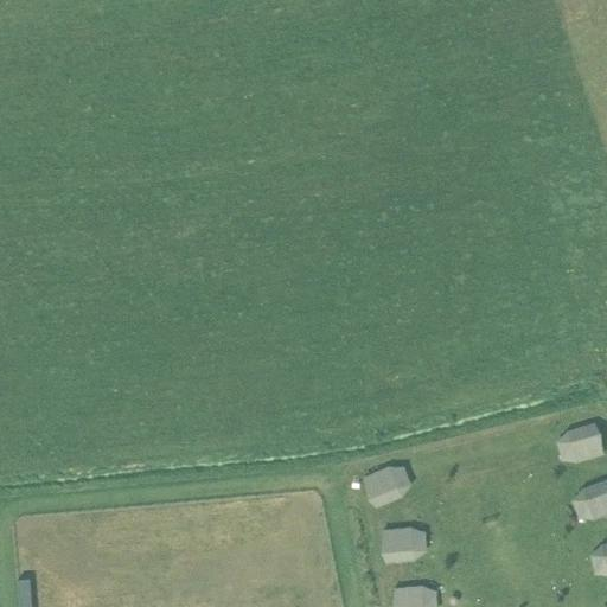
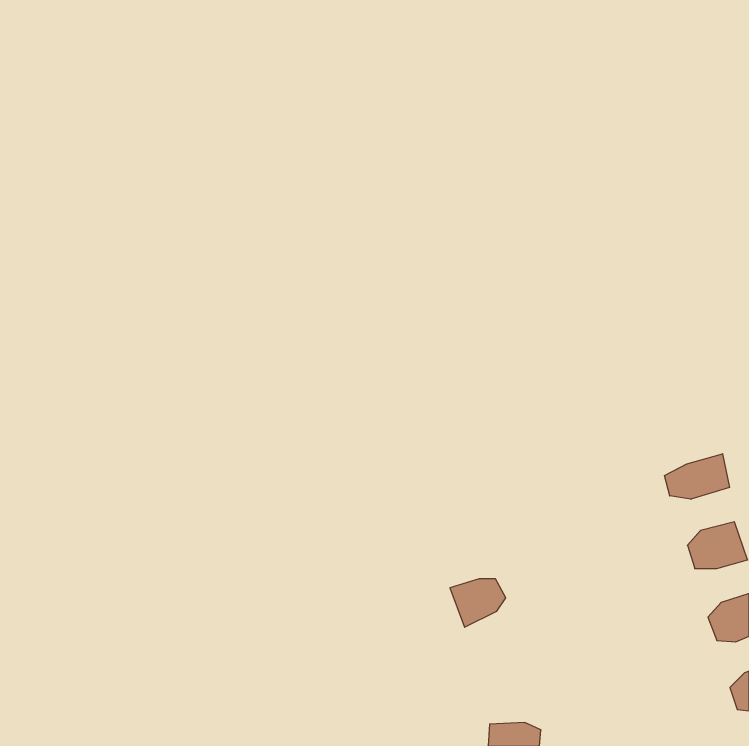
building: none -> [665,454,730,499]
building: [384,528,427,564] -> none

